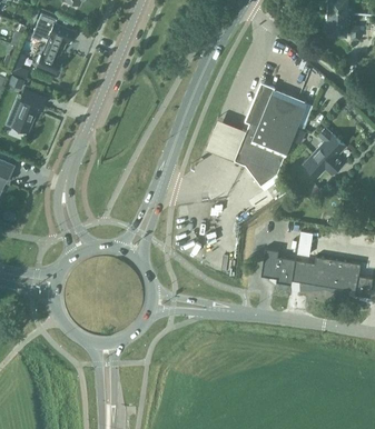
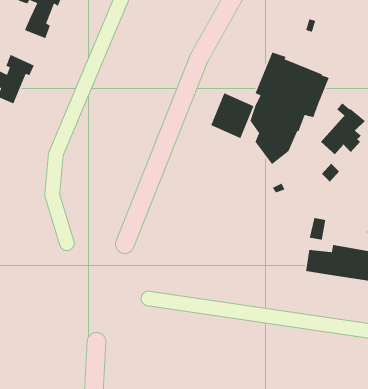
building: [263,249,294,285] -> none

